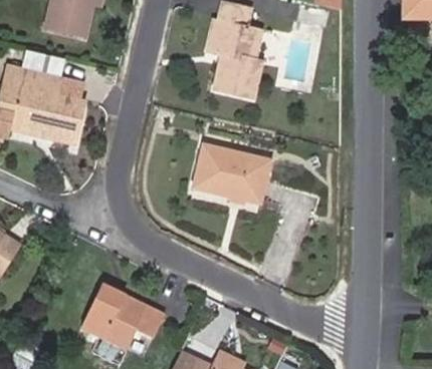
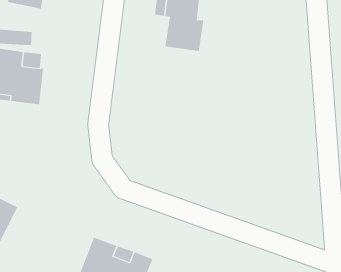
building: [187,142,260,200] -> none

